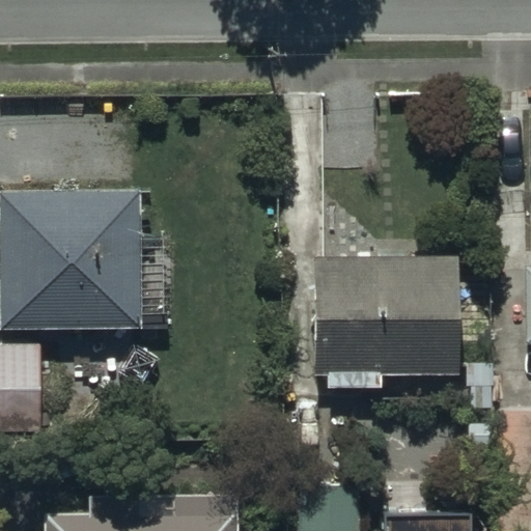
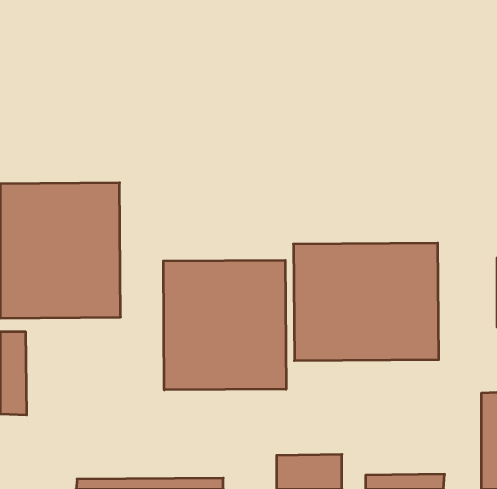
building: none -> [163,260,286,390]

